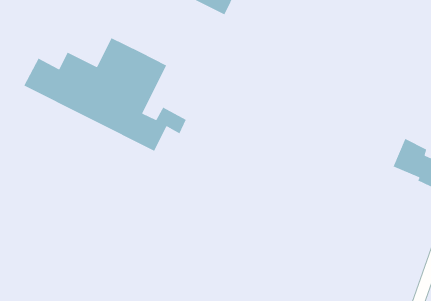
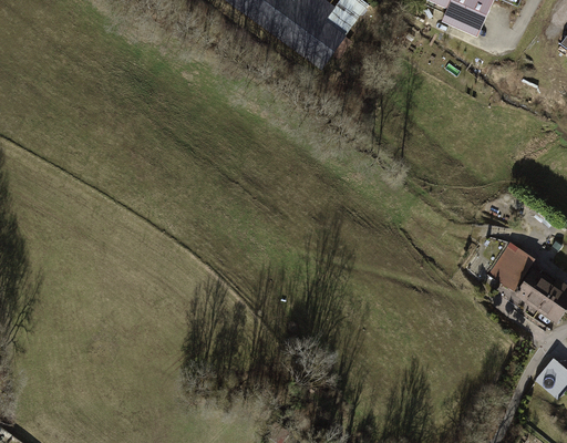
building: [23,37,187,152] -> none

